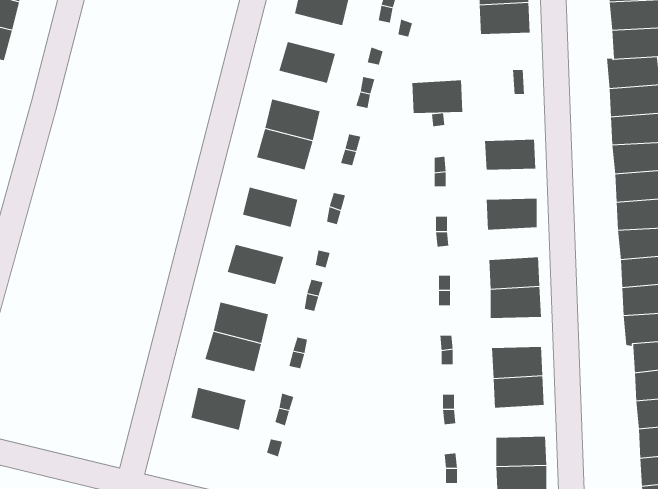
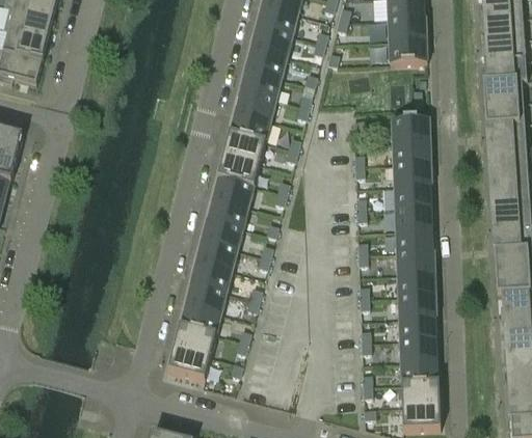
building: none -> [245,48,287,78]
building: none -> [234,90,275,120]
building: [412,80,463,114] -> [391,117,429,142]
building: none -> [217,155,259,186]
building: none -> [393,163,431,186]
building: none -> [207,197,248,228]
building: none -> [394,207,432,230]
building: none -> [195,240,237,271]
building: none -> [396,273,434,296]
building: none -> [179,304,221,334]
building: none -> [399,338,437,362]
building: none -> [167,348,210,379]

